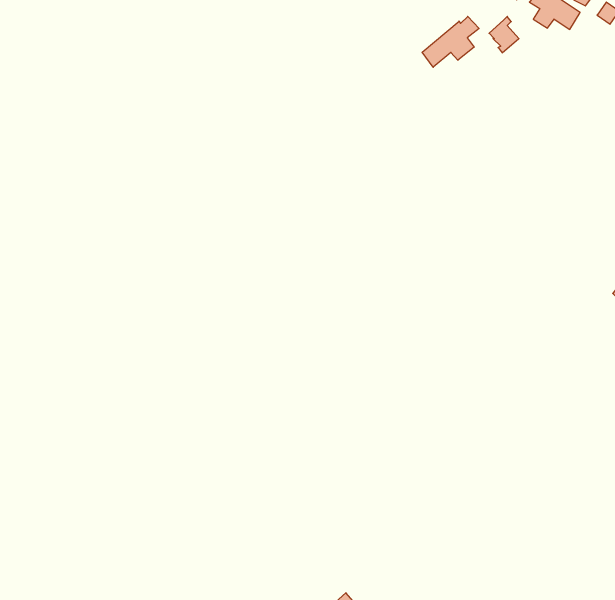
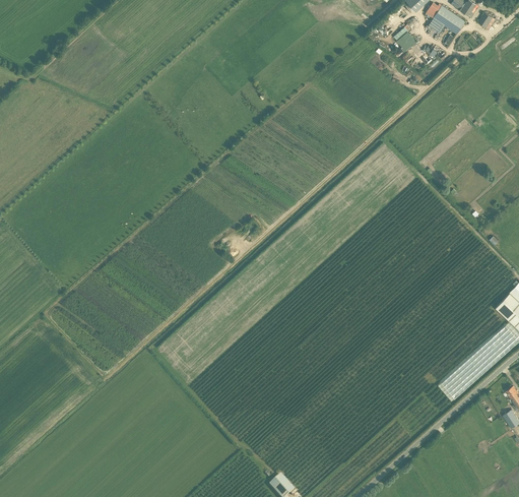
building: [422,16,479,67] -> none

